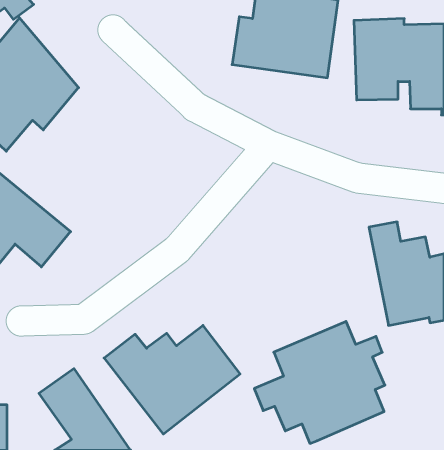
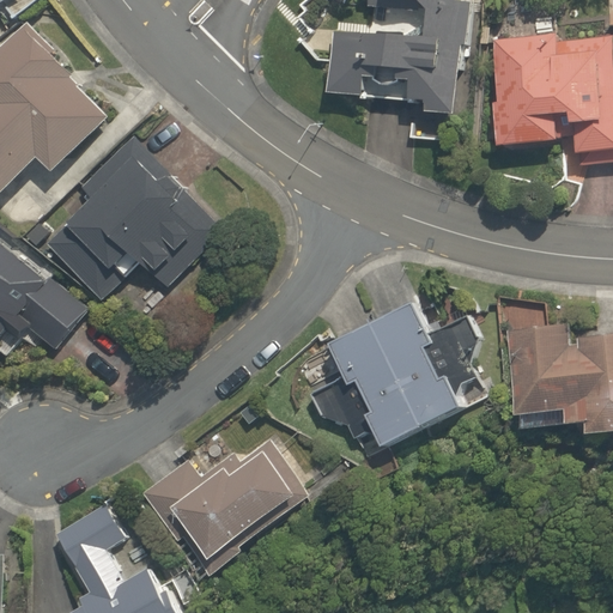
building: none -> [43,129,225,304]
building: [254,321,385,443] -> [303,301,480,466]

